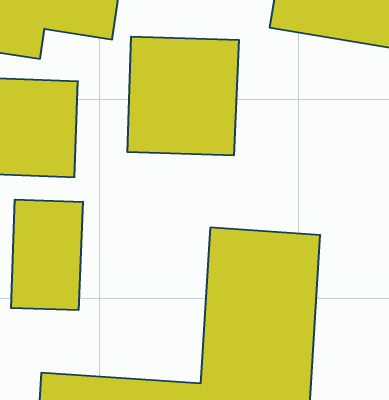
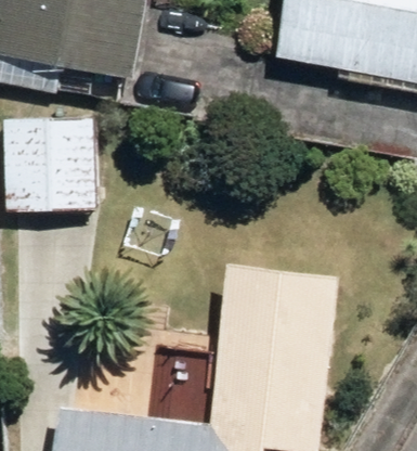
building: [127,37,239,155] -> none
building: [11,200,83,310] -> none

